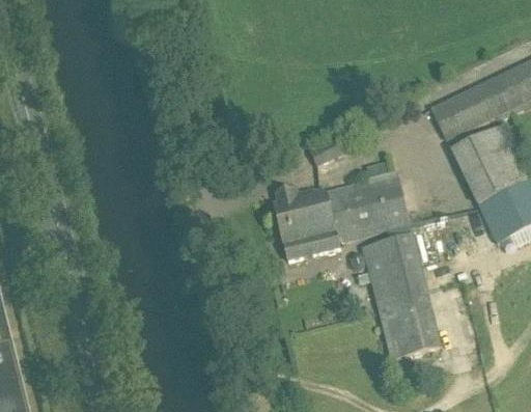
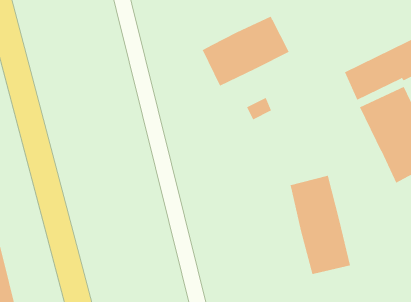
building: none -> [202,16,289,86]
building: [273,170,409,260] -> none

